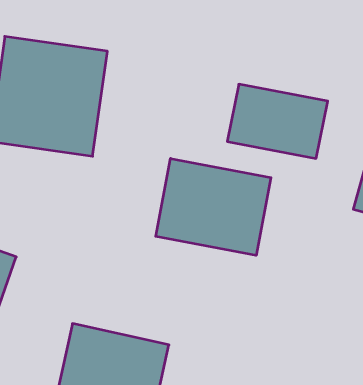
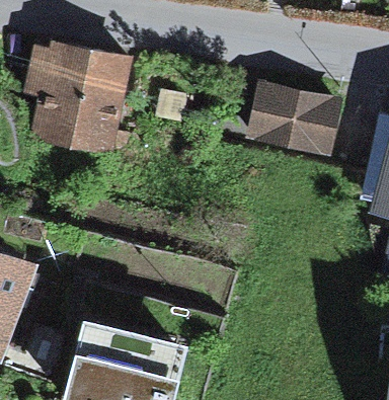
building: [156,158,271,255] -> none

